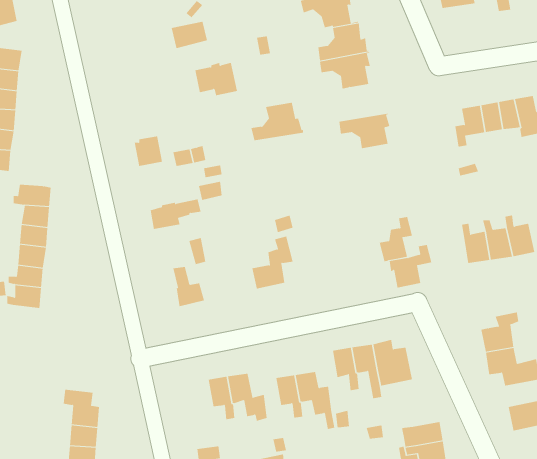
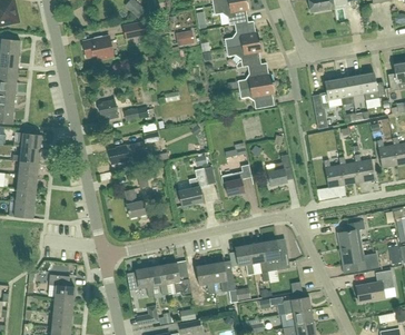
building: [194,62,238,96] -> [83,36,113,59]
building: [251,102,304,141] -> [237,62,274,89]
building: [389,245,432,288] -> [221,165,251,195]
building: none -> [127,267,155,297]

